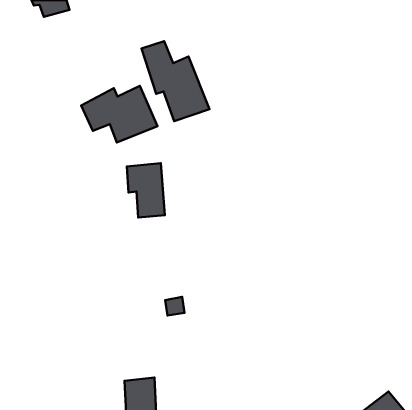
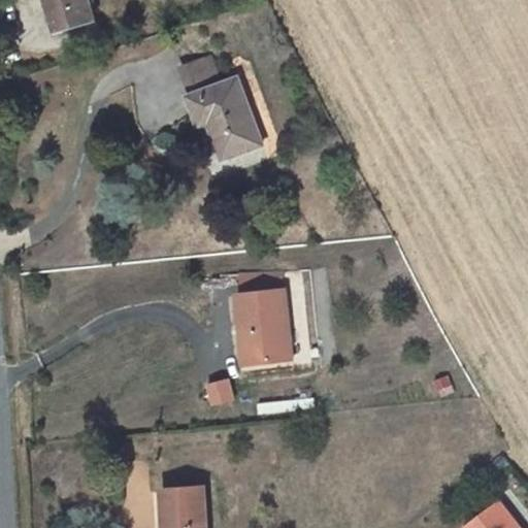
building: [81,86,158,143] -> none
building: [127,163,165,217] -> [231,290,279,359]

